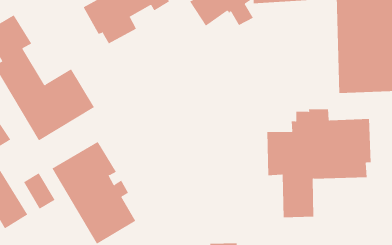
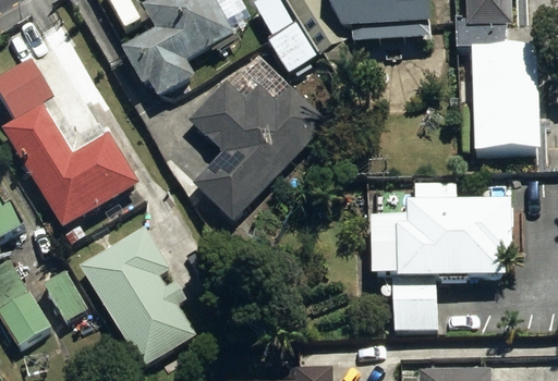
building: none -> [186,78,327,220]

